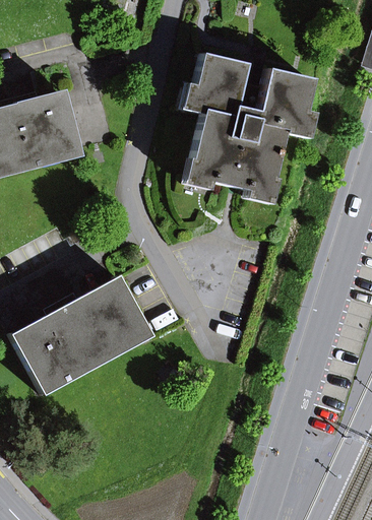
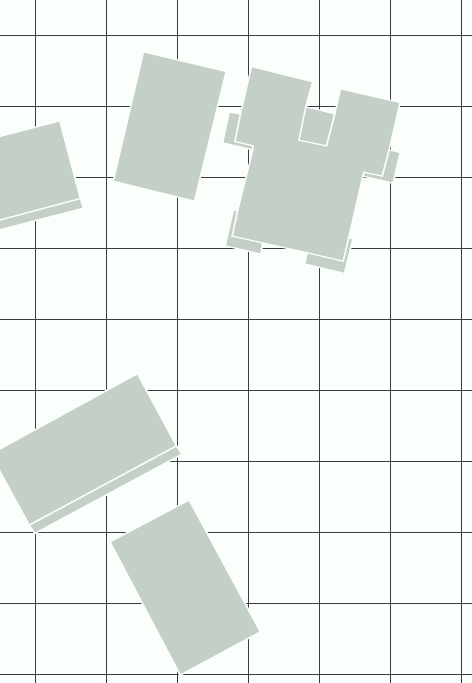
building: none -> [113,52,226,201]
building: none -> [110,500,261,675]

